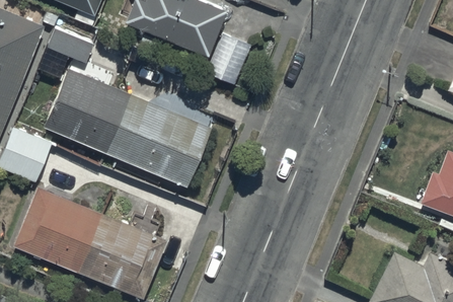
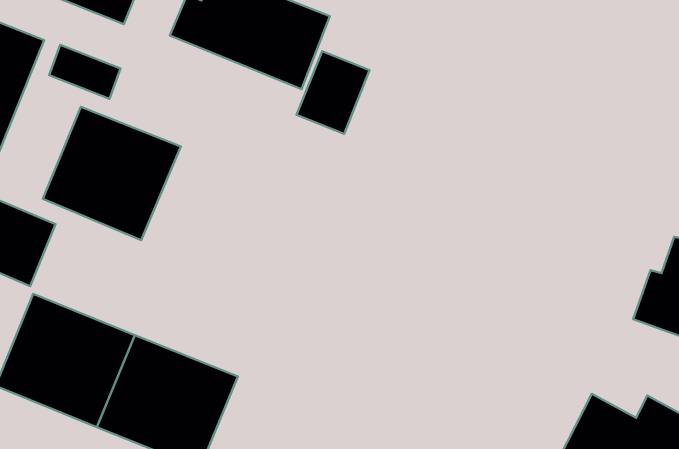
building: [106,94,213,187] -> none

